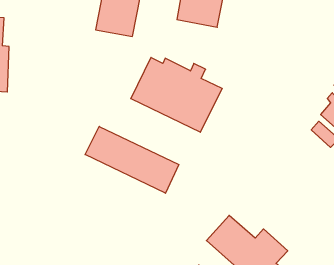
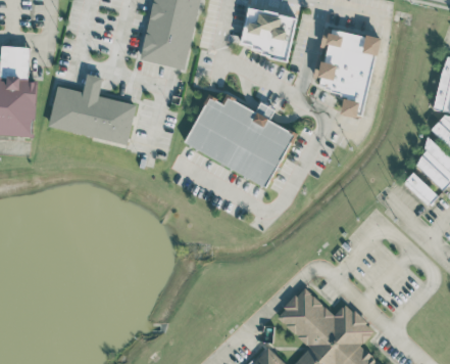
building: none -> [313,30,378,119]
building: none -> [48,74,136,144]
building: [85,126,179,193] -> none

